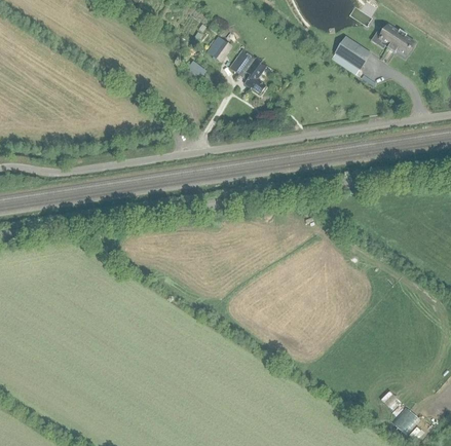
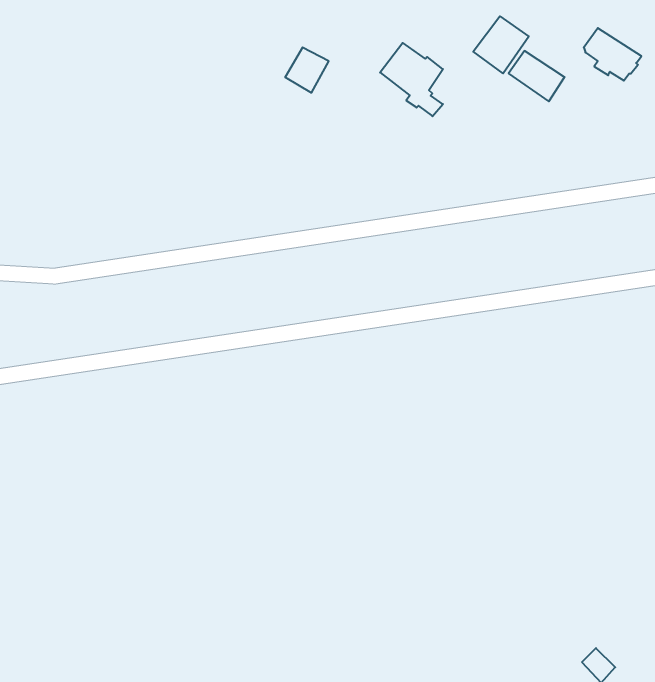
building: none -> [473,16,529,73]
building: [228,49,265,92] -> [380,43,443,116]

